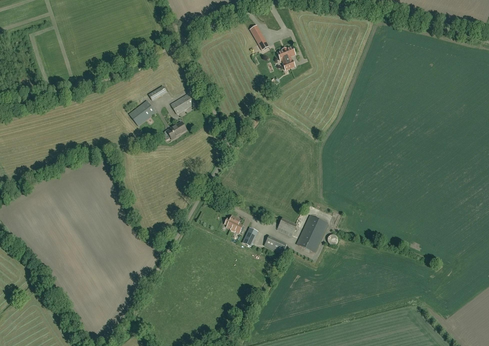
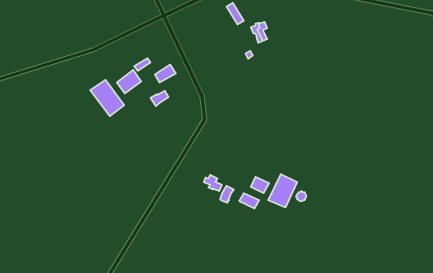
building: none -> [90,80,124,116]

